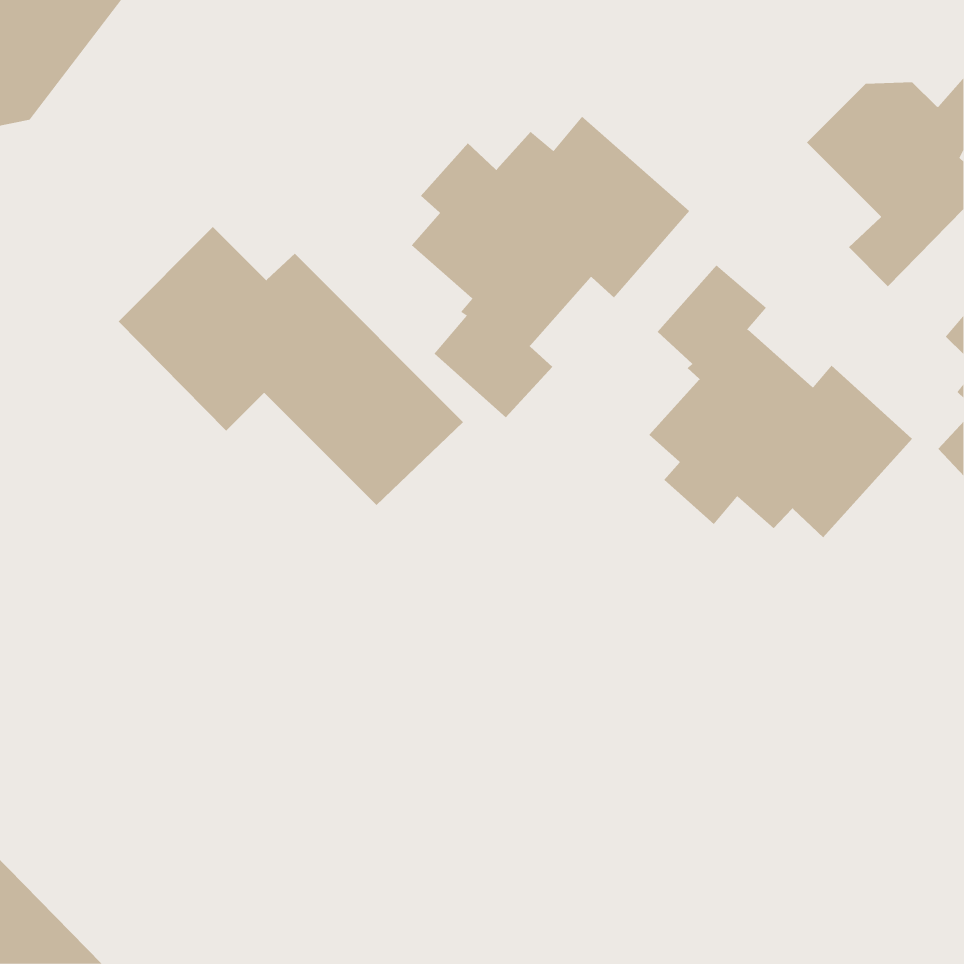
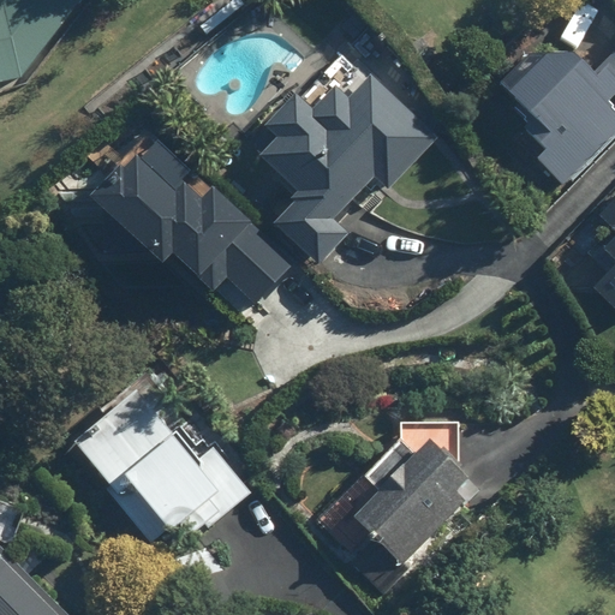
building: [649,264,913,538] -> none
building: none -> [77,390,251,543]
building: none -> [348,438,479,587]

